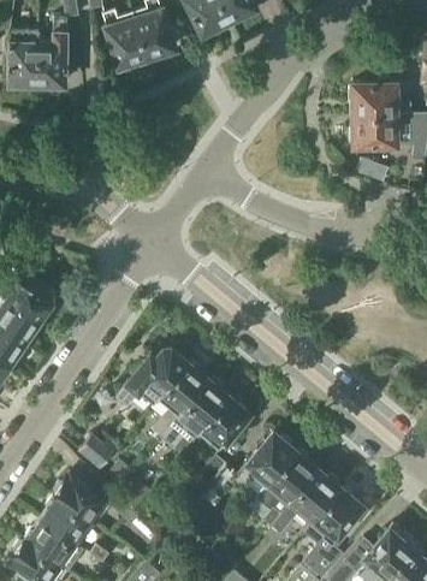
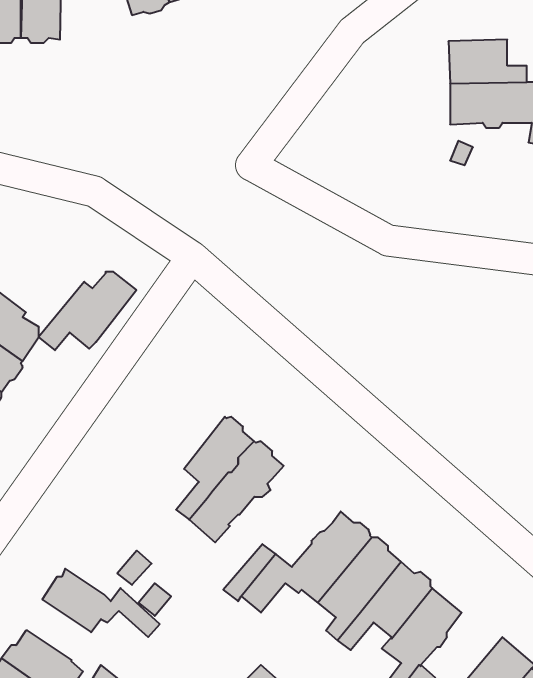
building: [115,350,188,408] -> [39,272,136,350]
building: [198,399,250,452] -> none
building: [77,435,118,472] -> none
building: [41,498,89,543] -> none

